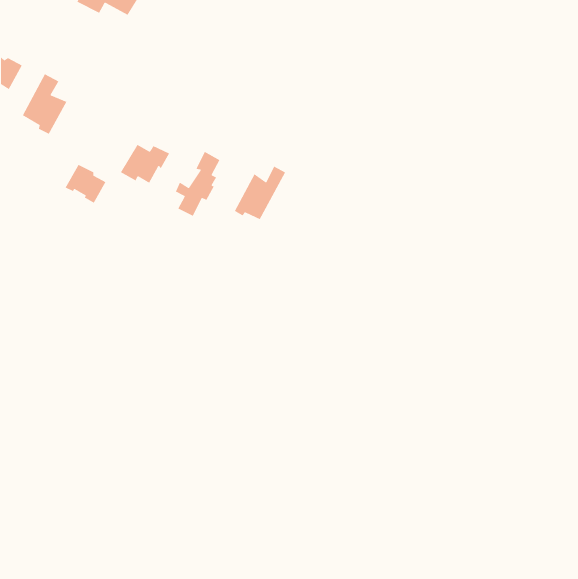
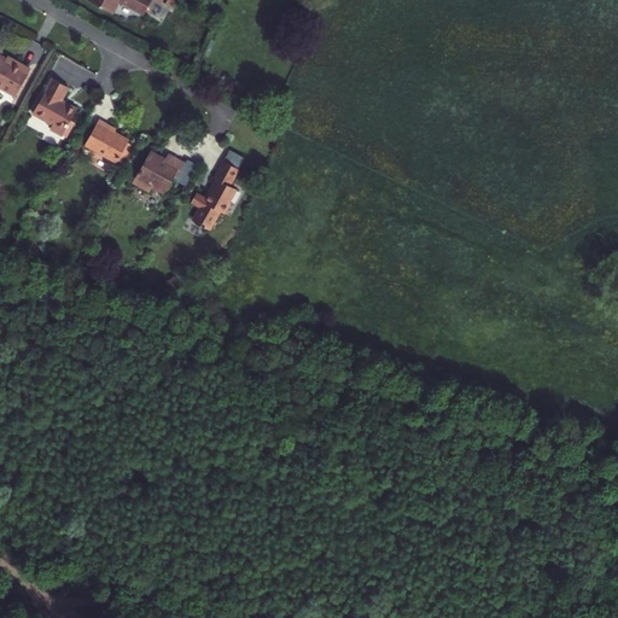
building: [64,164,107,204] -> [83,121,128,163]
building: [234,166,286,220] -> none

